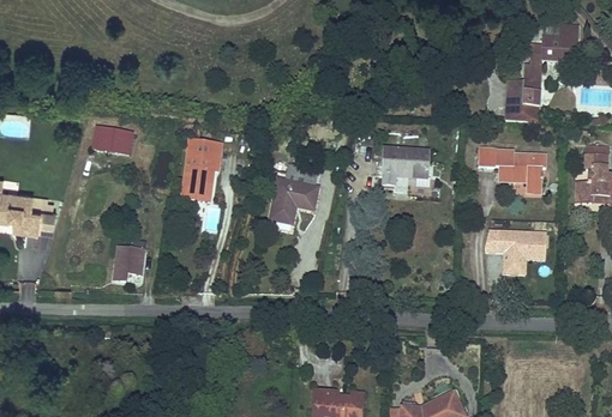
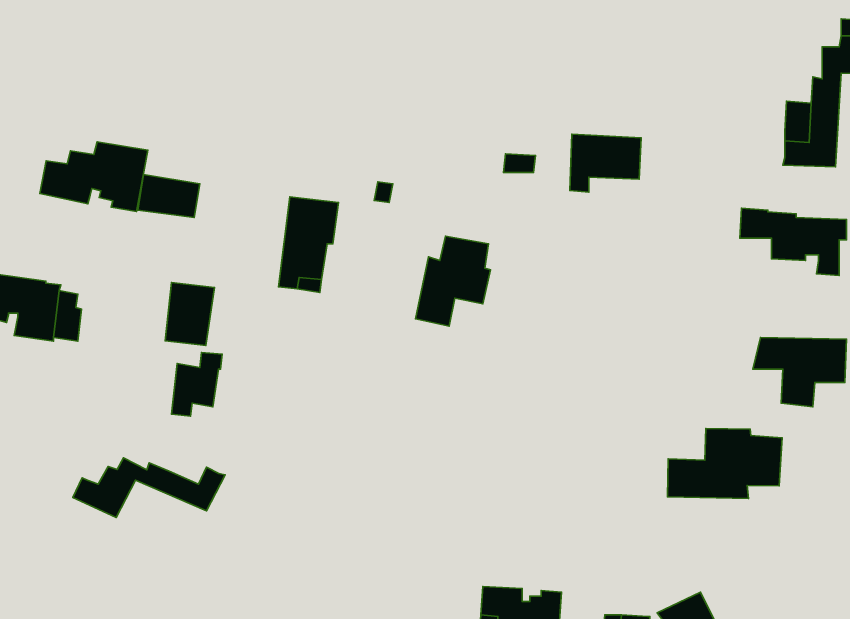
building: none -> [40,142,148,212]
building: [383,149,428,186] -> [570,134,641,192]
building: none -> [165,282,214,345]
building: none -> [668,429,782,499]
building: none -> [73,458,225,518]

